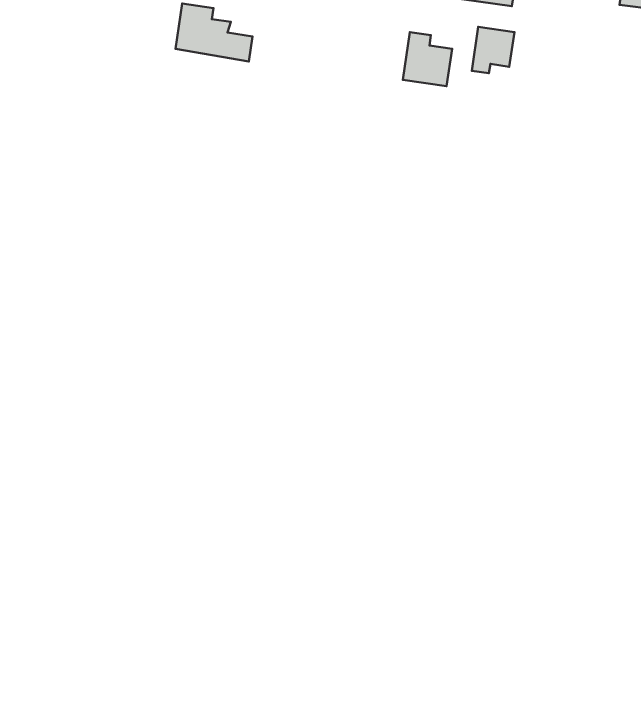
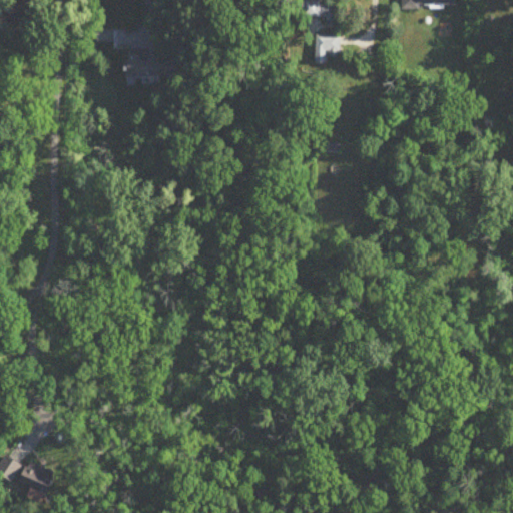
building: [403,32,452,86] -> none

